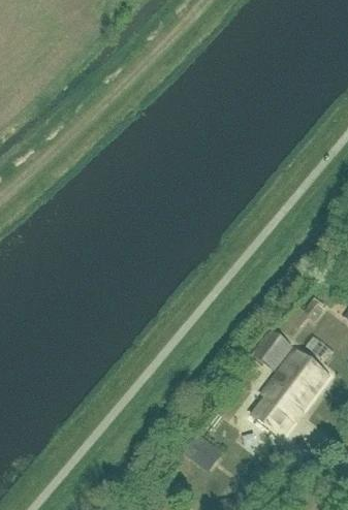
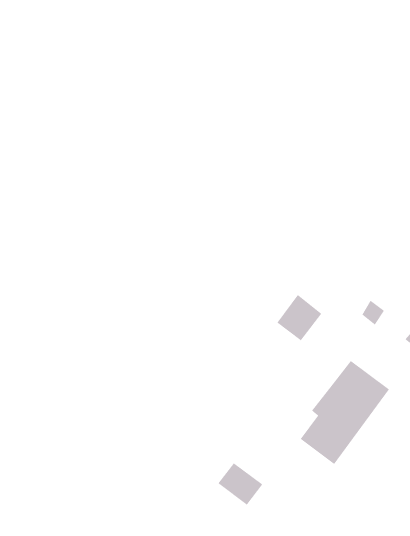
building: [254,328,292,368] -> [277,294,322,341]

